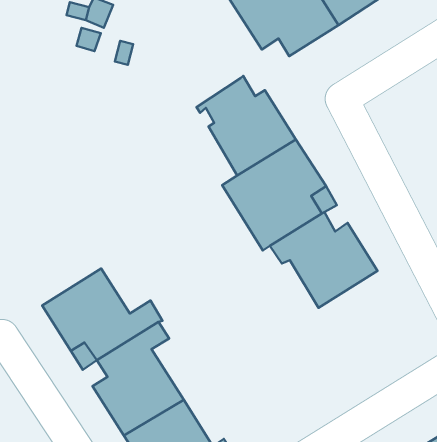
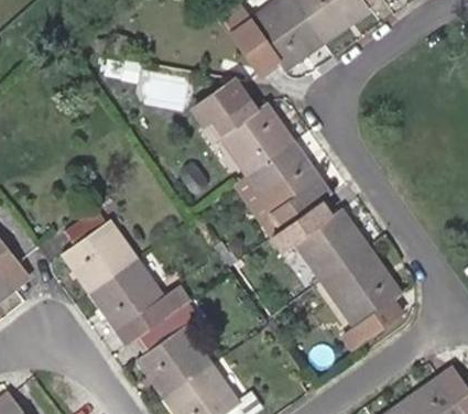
building: none -> [188,81,243,131]
building: none -> [59,209,137,294]
building: none -> [320,248,401,349]

